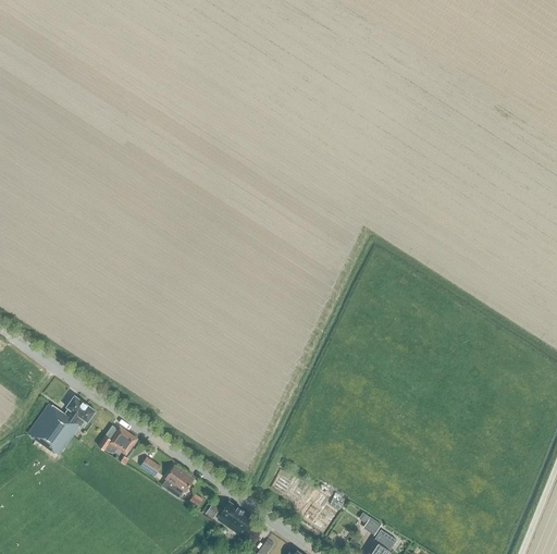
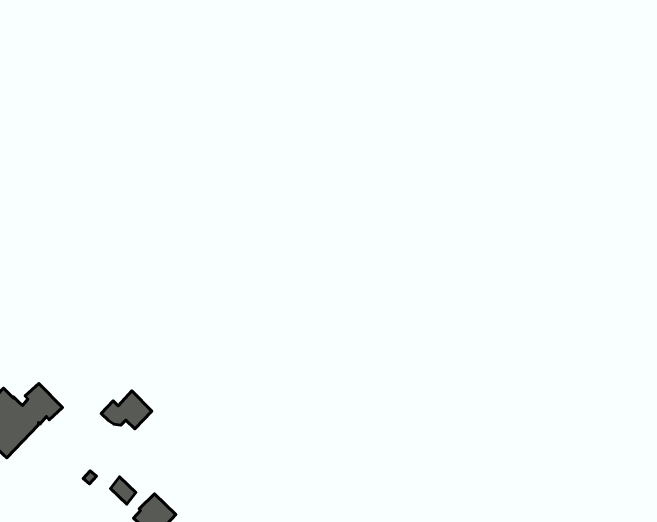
building: [98,426,136,454] -> [101,391,152,429]

